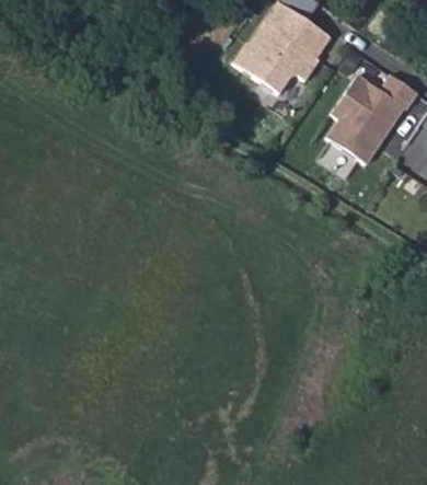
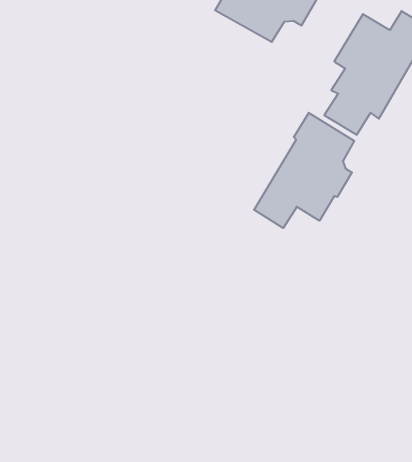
building: none -> [254,113,354,228]

